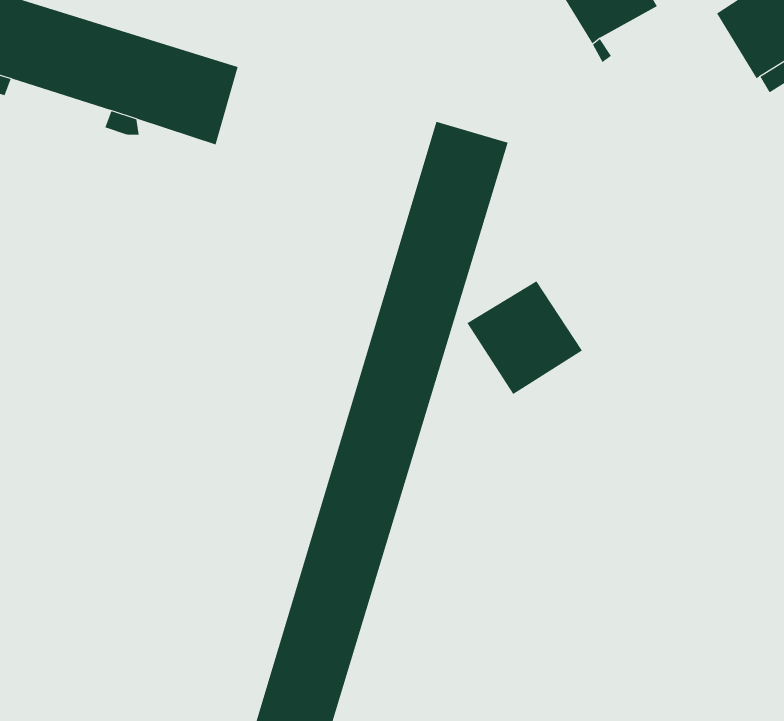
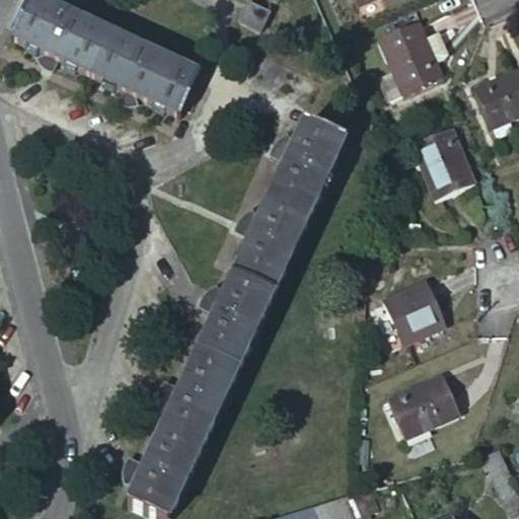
building: none -> [411,124,473,194]
building: [466,281,583,395] -> [382,277,446,340]
building: none -> [388,370,459,434]

